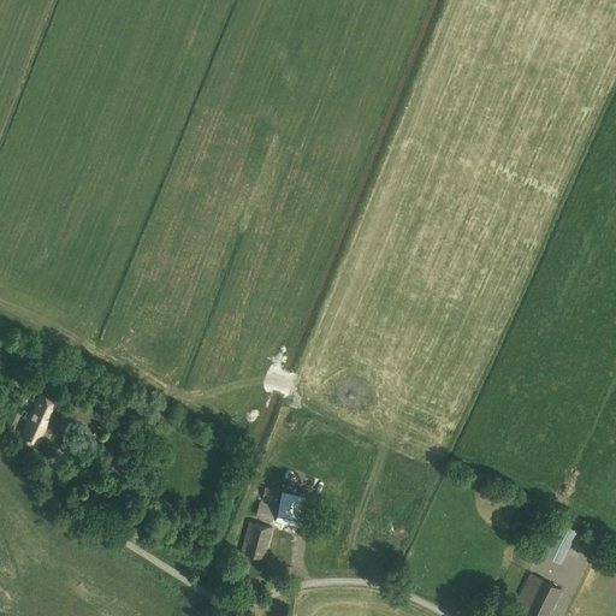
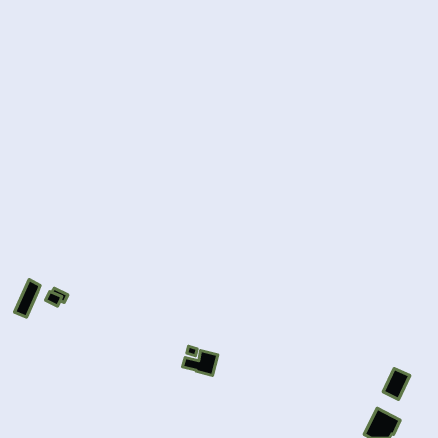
building: [241,521,272,559] -> none

